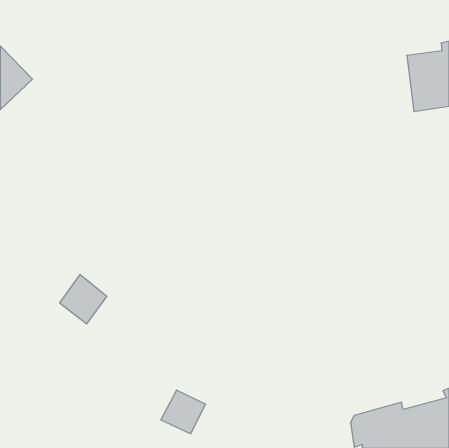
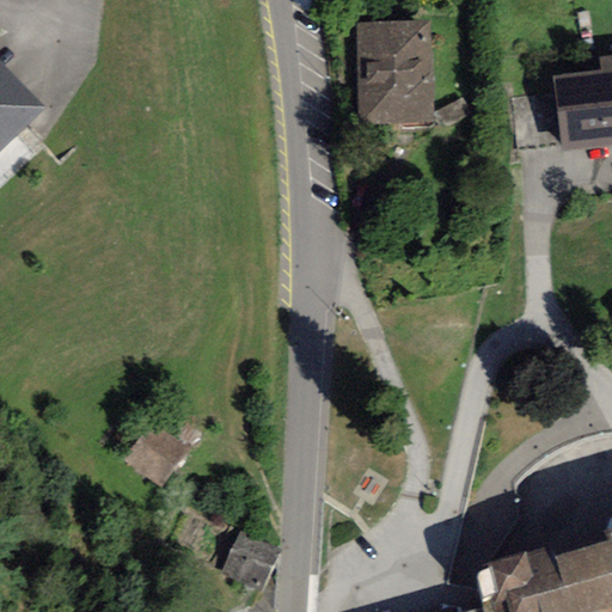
building: none -> [355,19,432,127]
building: [60,275,107,324] -> [124,420,189,486]

